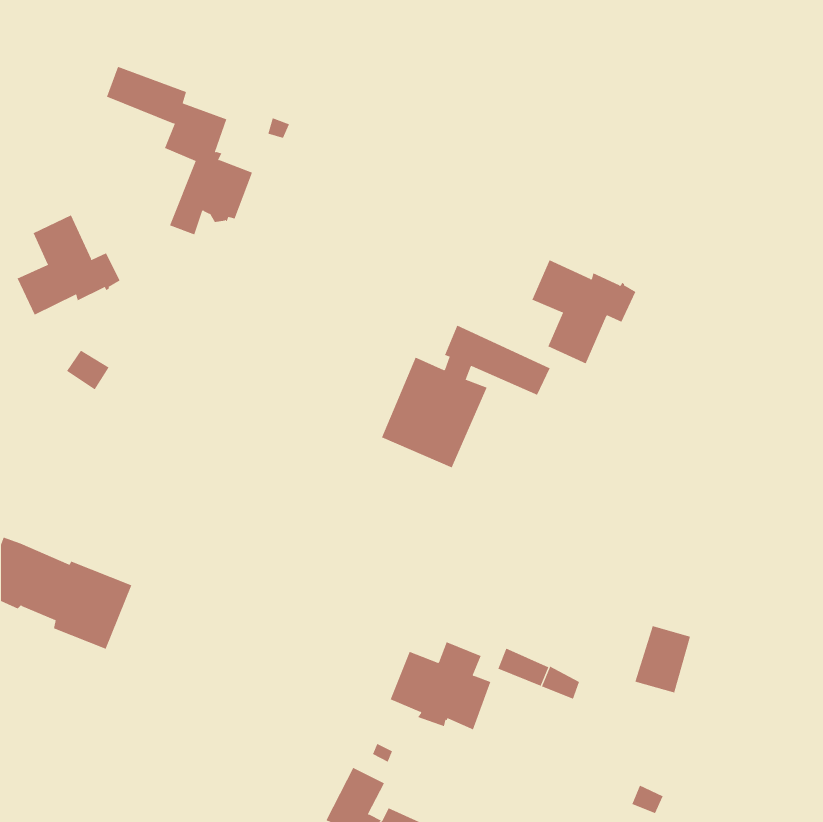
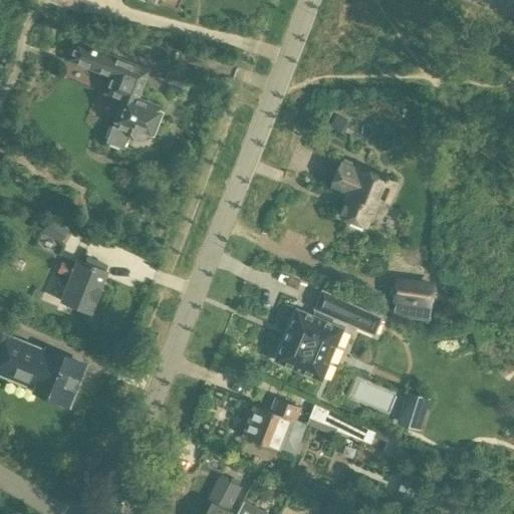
building: [17,214,120,316] -> none
building: [381,325,550,468] -> [277,291,382,380]
building: none -> [56,258,106,312]
building: none -> [393,277,435,308]

